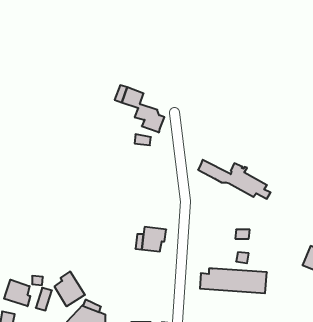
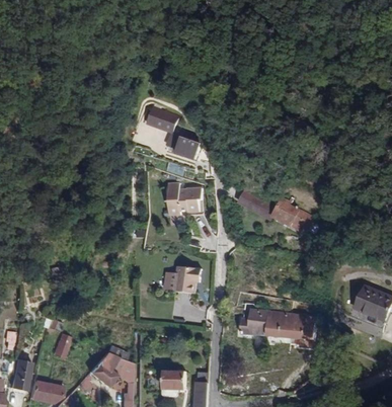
building: none -> [165,180,199,212]
building: [55,271,85,306] -> none
building: [4,280,30,306] -> none

